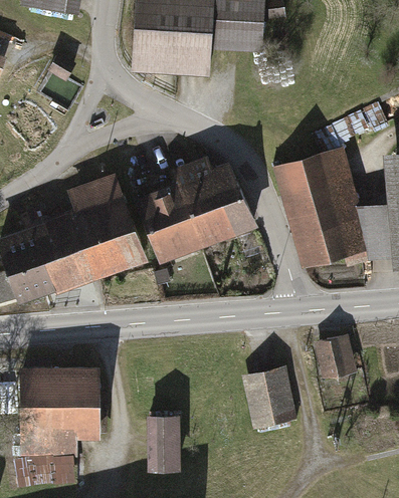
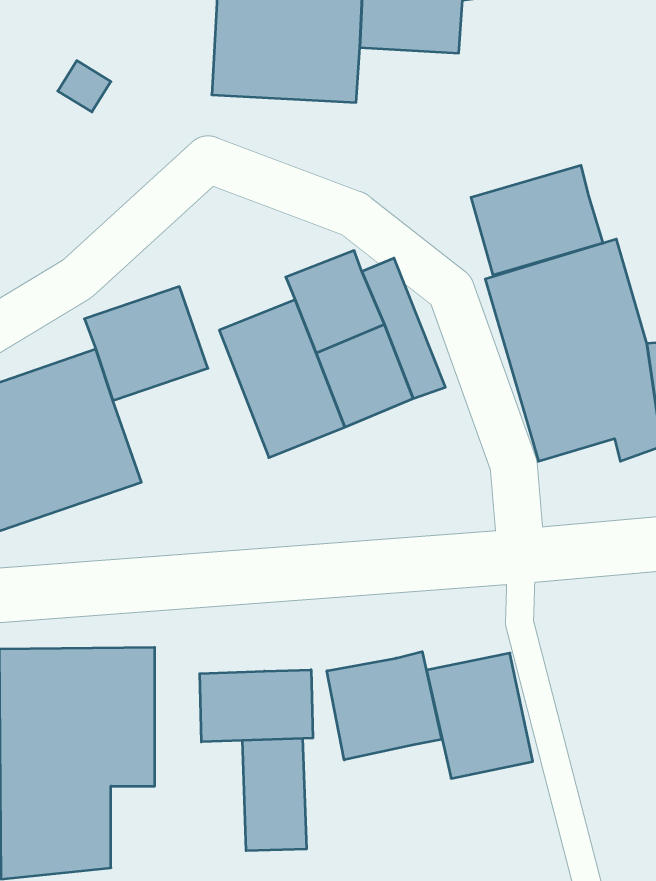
building: none -> [471,165,603,275]
building: [77,216,143,276] -> none
building: [315,333,356,381] -> none
building: none -> [327,652,442,760]
building: none -> [200,670,313,742]

